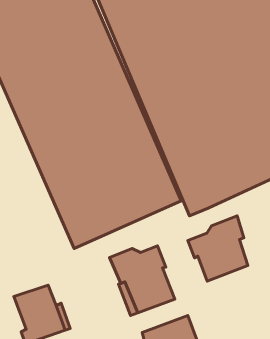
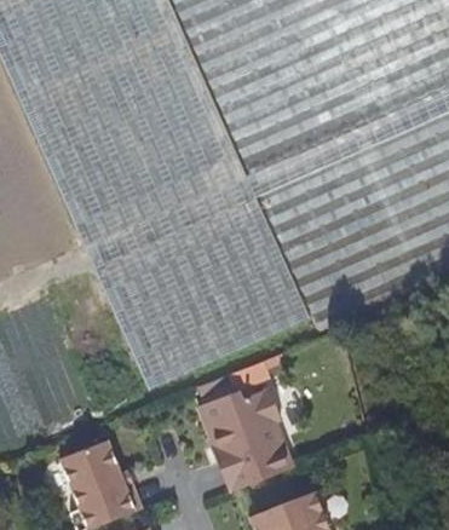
building: [188,216,248,281] -> none

